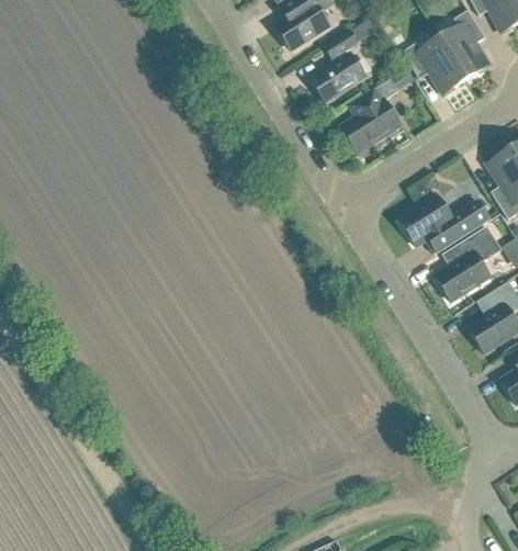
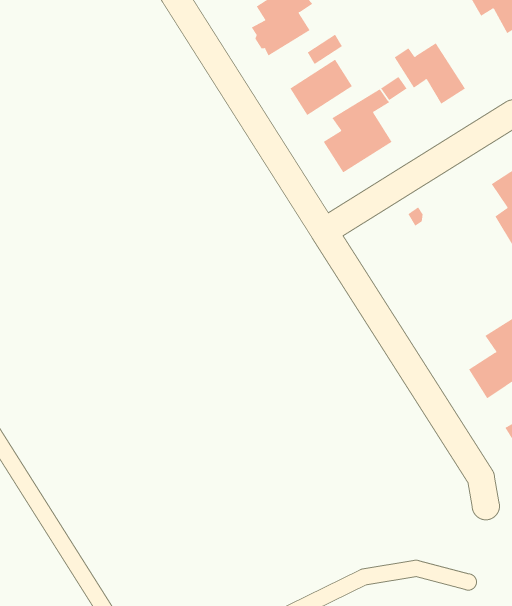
building: [440,10,488,79] -> none
building: [399,195,489,246] -> none
building: [436,226,503,302] -> none

